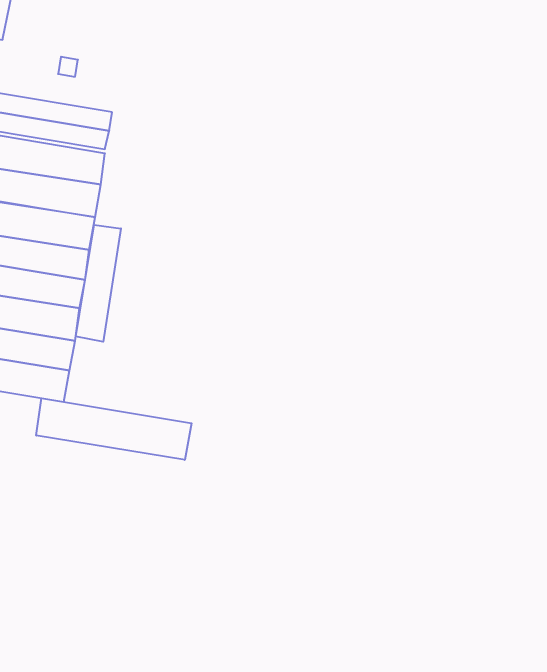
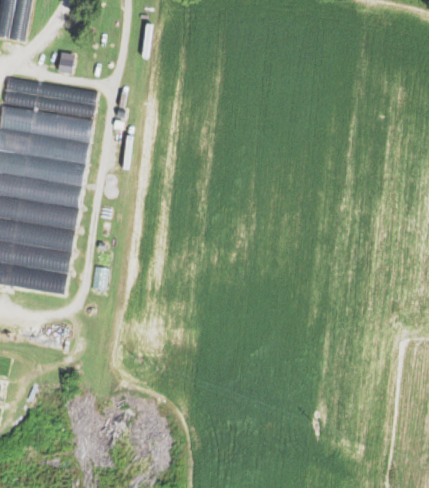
building: [76,225,121,342] -> none
building: [36,398,192,460] -> none

